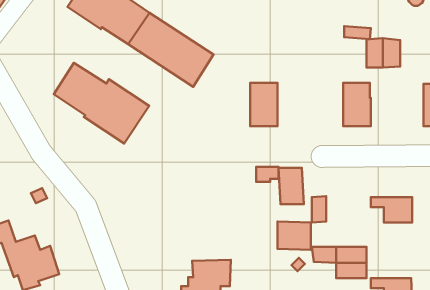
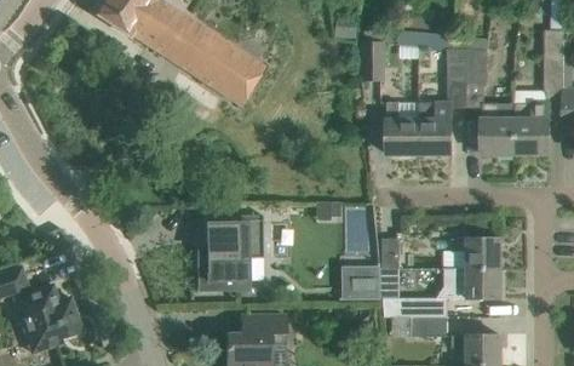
building: none -> [365,42,385,80]
building: [54,63,149,143] -> none
building: [250,83,277,126] -> [388,102,420,154]
building: none -> [482,103,516,154]
building: none -> [197,221,264,291]
building: none -> [453,269,503,299]

